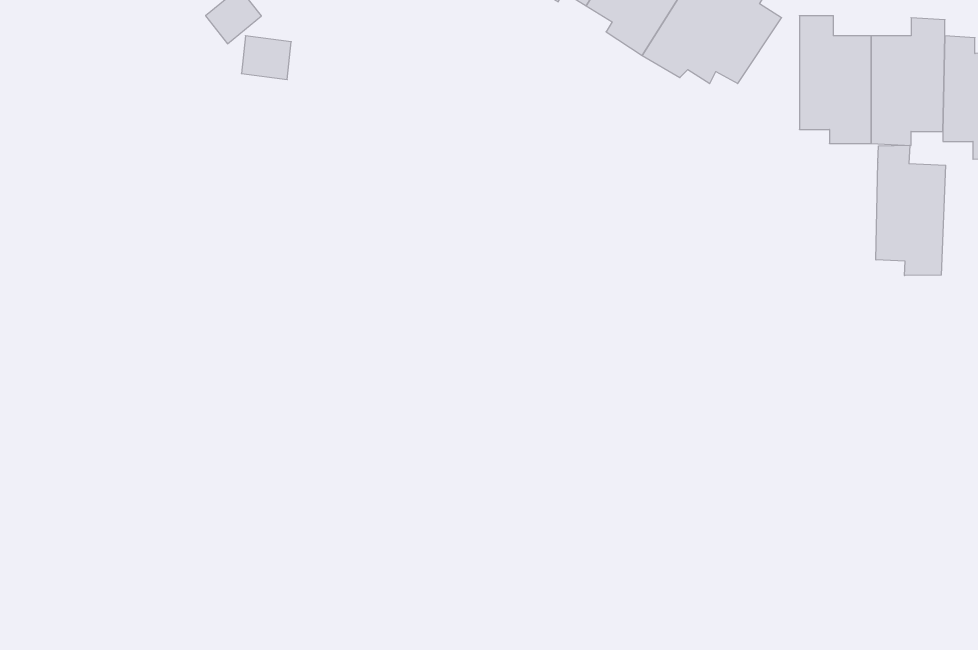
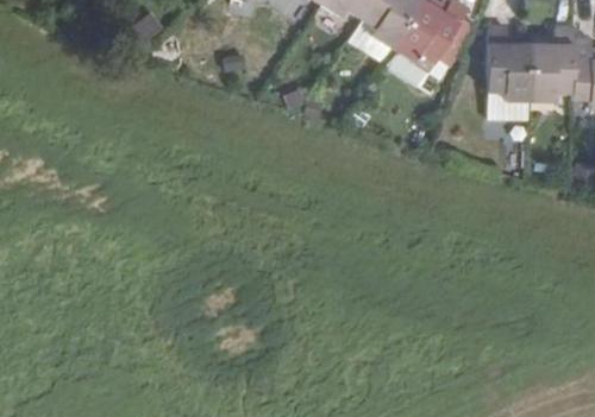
building: [876,145,946,276] -> none

